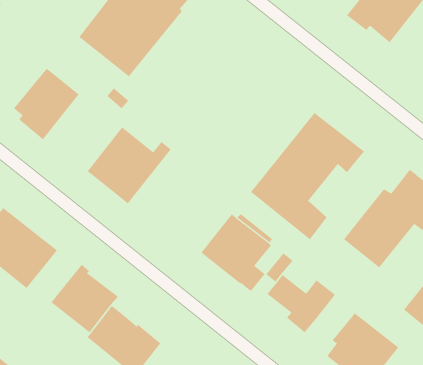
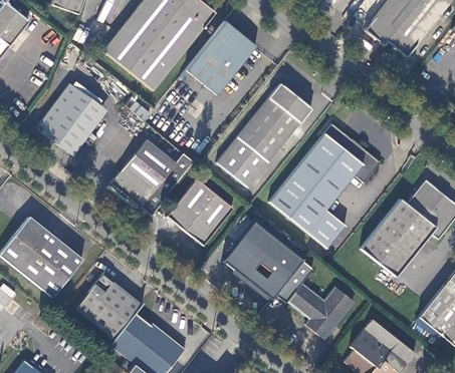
building: none -> [187,20,258,95]
building: none -> [218,83,313,186]
building: none -> [167,175,233,242]

